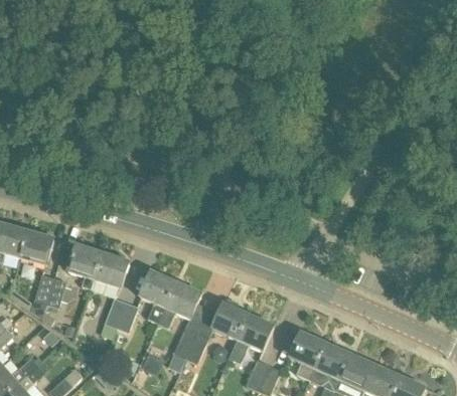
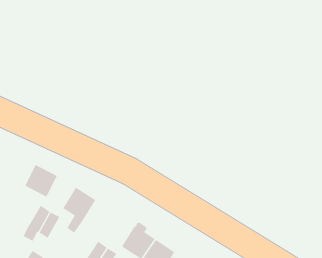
building: [67,244,101,288] -> none
building: [157,281,200,328] -> none

